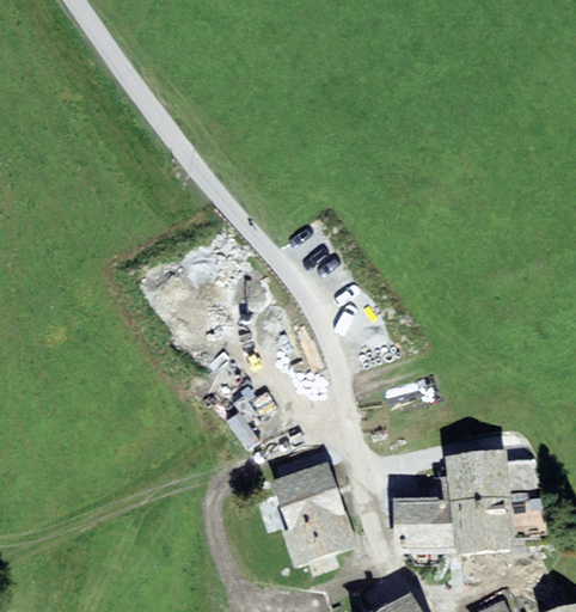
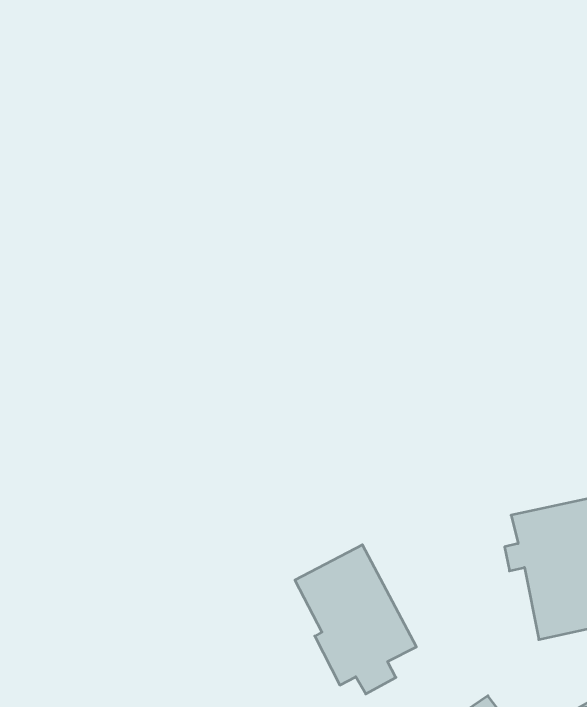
building: [392,495,454,556] -> none

